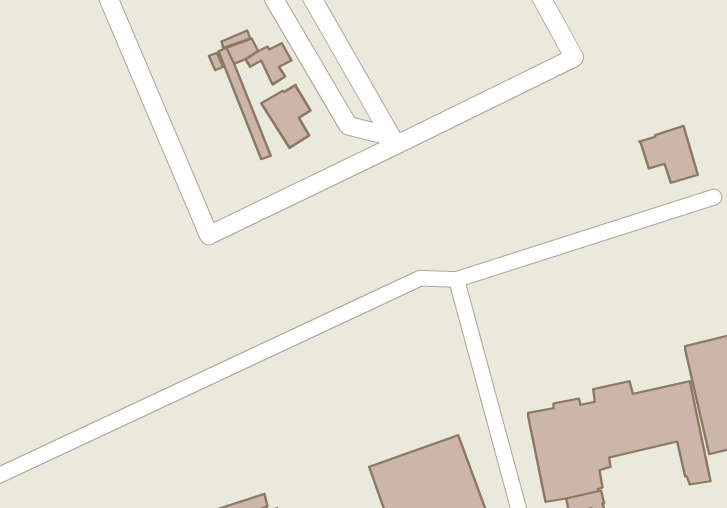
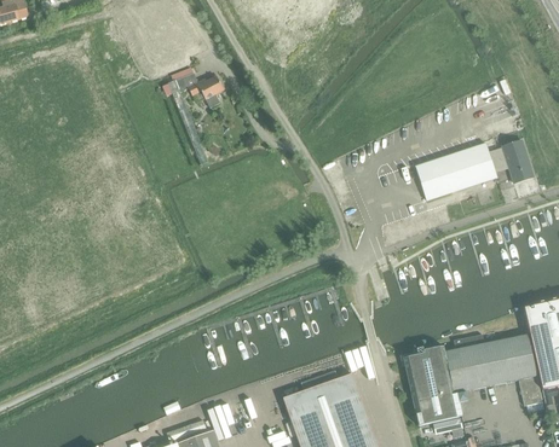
building: [261,85,310,148] -> none
building: none -> [416,144,497,201]

